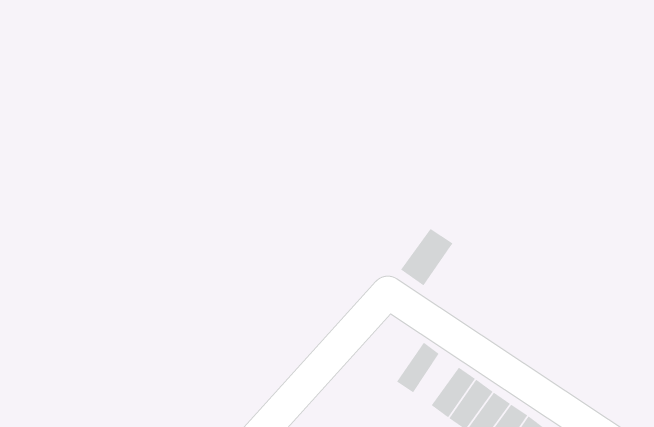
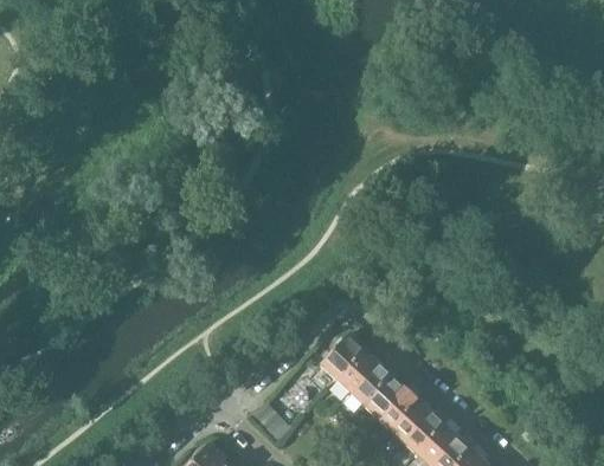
building: [400,228,454,286] -> [322,332,370,380]
building: none -> [353,362,393,403]

